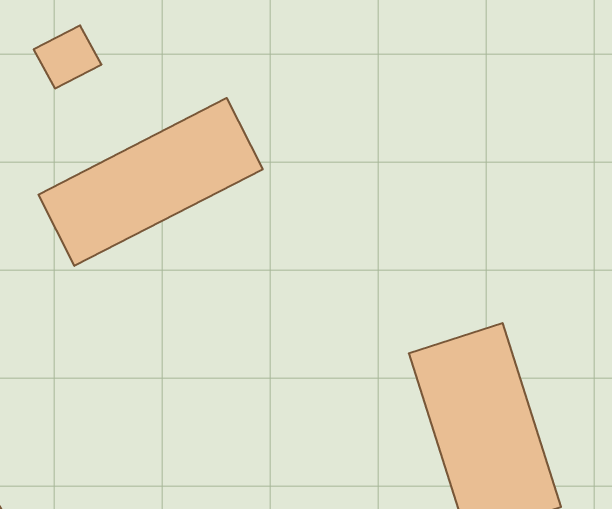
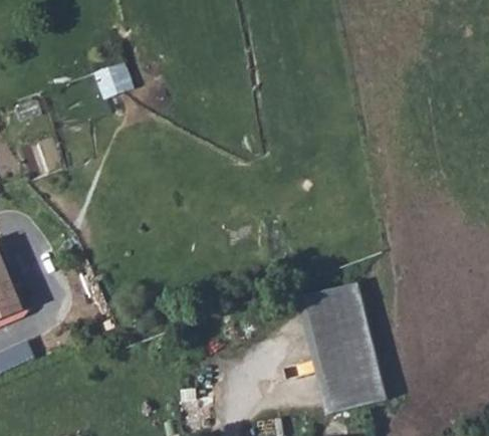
building: [38,98,263,266] -> none

